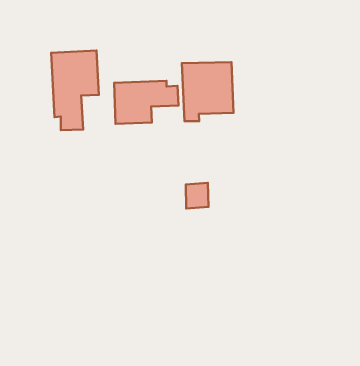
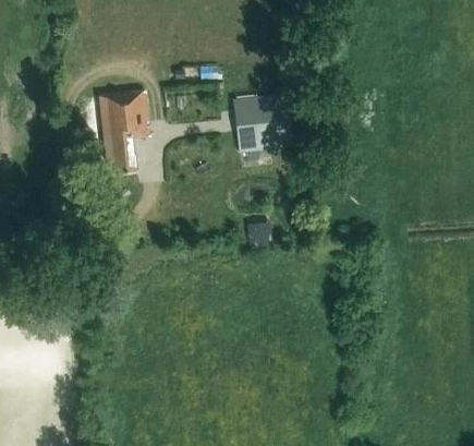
building: [114,81,179,124] -> none

